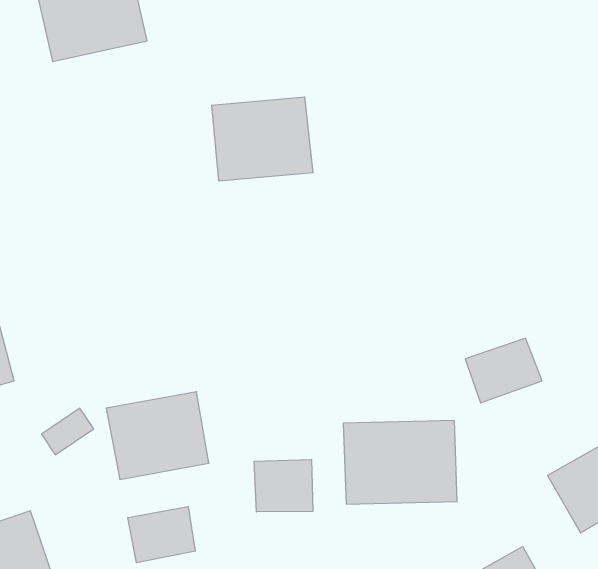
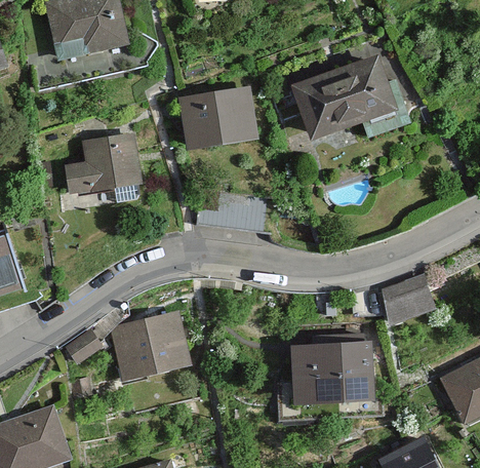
building: none -> [301,57,411,151]
building: none -> [68,142,149,203]
building: [254,459,313,512] -> none
building: [128,506,195,563] -> none

